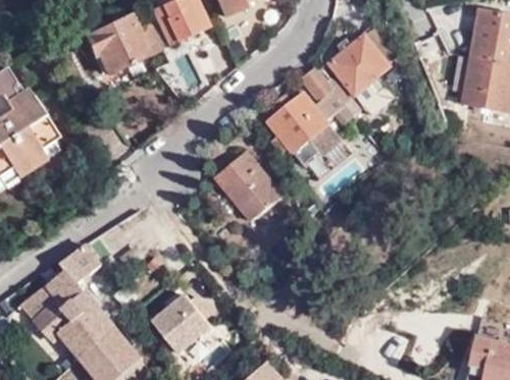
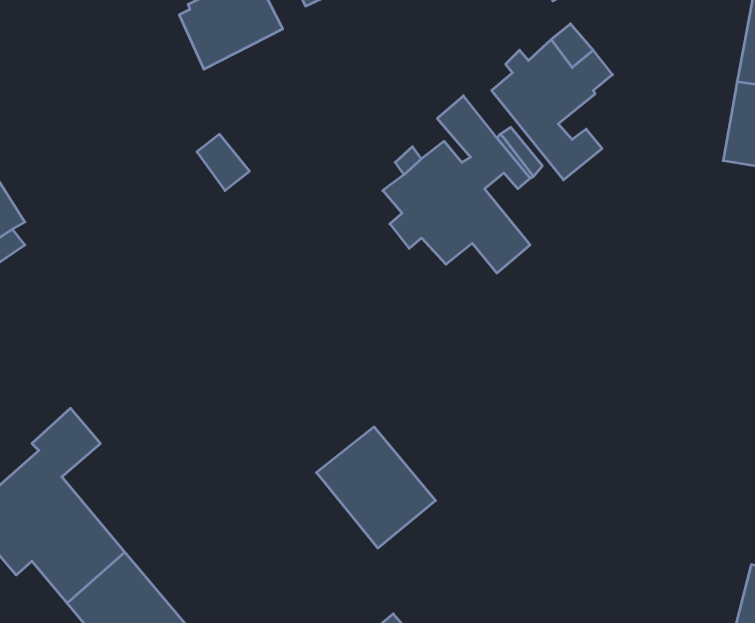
building: [85,16,157,75] -> none
building: [212,151,282,221] -> [316,427,436,548]
building: [153,295,211,354] -> none

